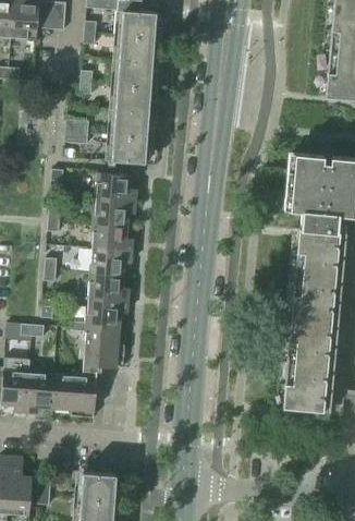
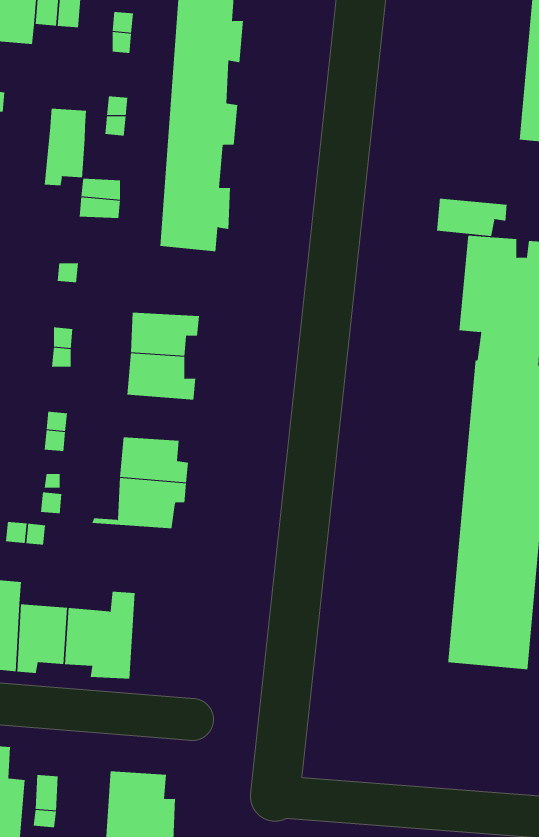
building: none -> [44,108,86,186]
building: none -> [437,198,507,237]
building: [95,173,136,202] -> none
building: [89,249,132,276] -> none
building: [71,325,124,368] -> none

